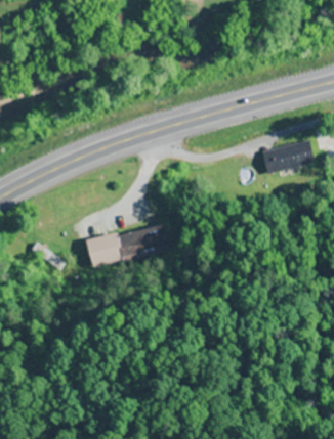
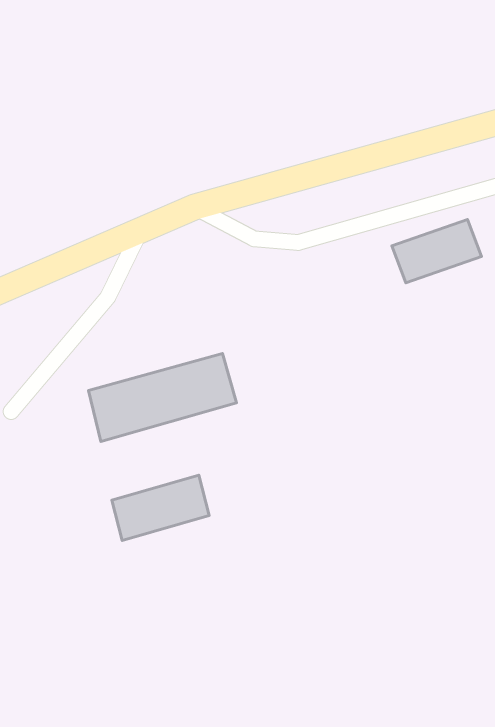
building: none -> [112,475,209,540]

